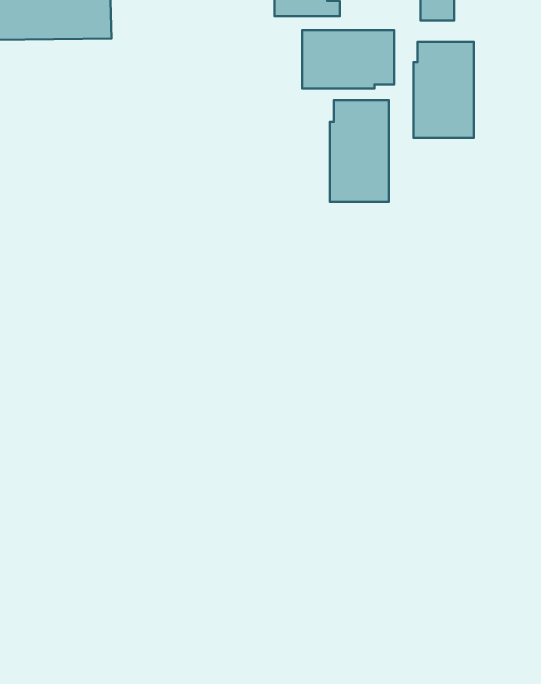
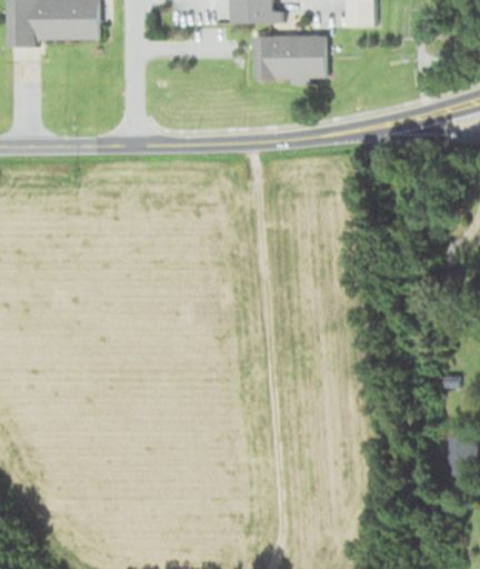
building: [413,42,474,138] -> none
building: [330,100,389,202] -> none

